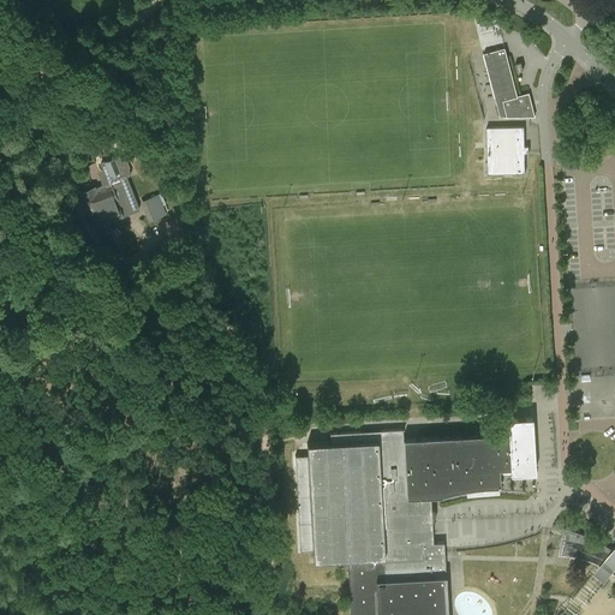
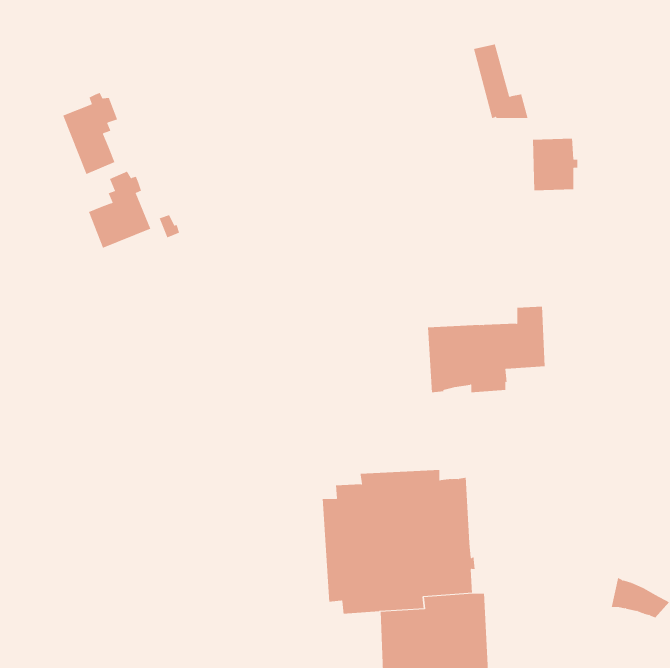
building: [485,52,536,120] -> [473,44,528,119]
building: none -> [62,92,118,175]
building: [428,420,536,500] -> [427,306,545,393]

